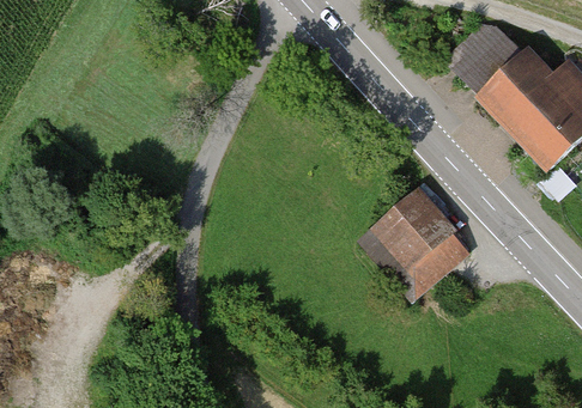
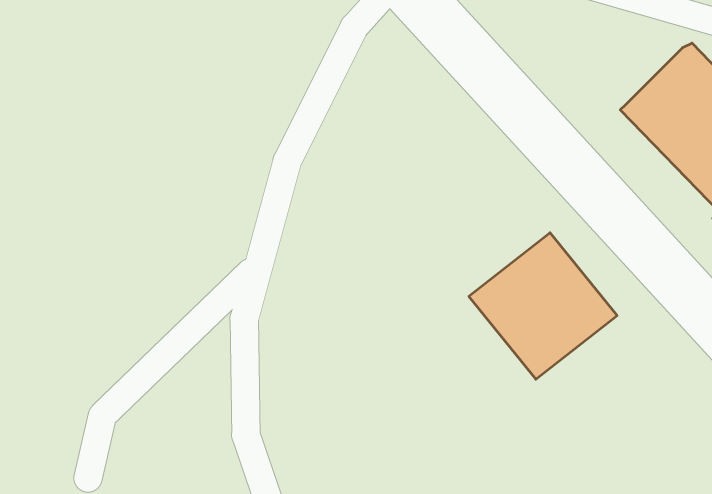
building: [449,25,520,90] -> none

